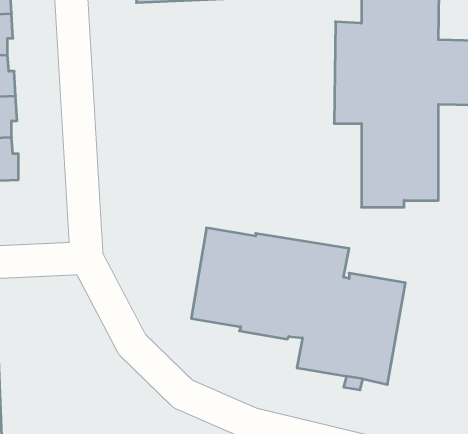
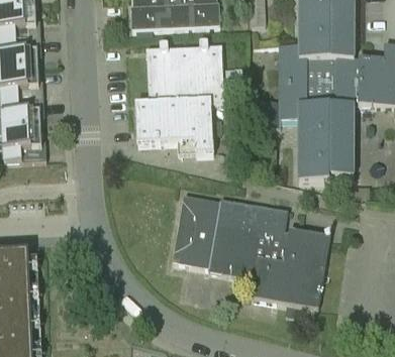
building: none -> [134,42,222,154]

